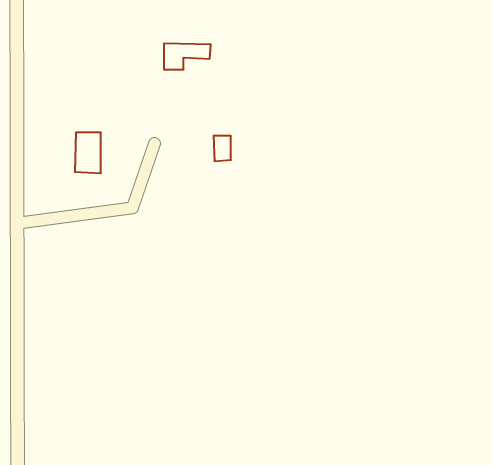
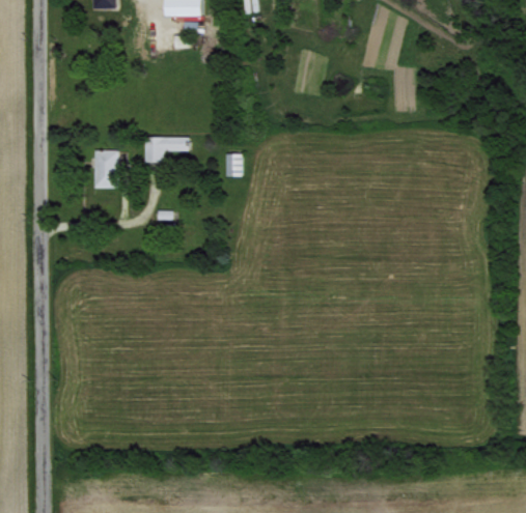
building: [164,43,211,70] -> [145,137,190,162]

